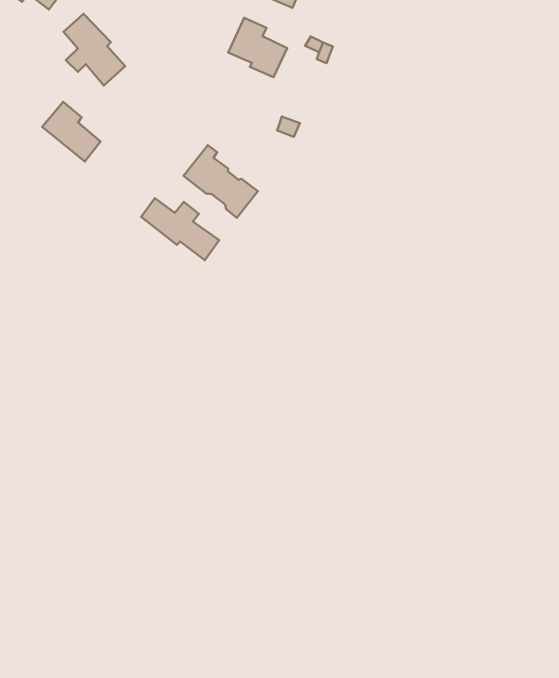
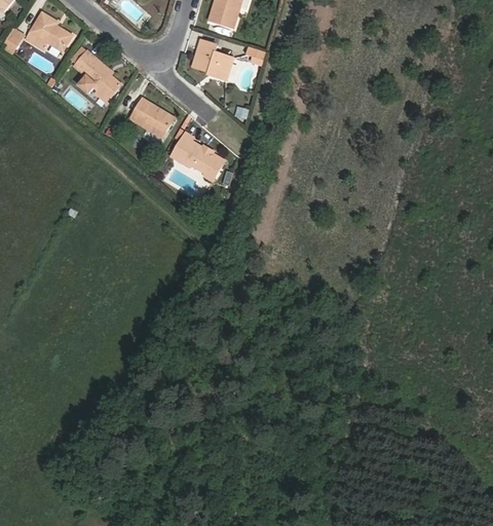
building: [42,102,101,162] -> [128,98,170,138]
building: [141,198,219,260] -> none

